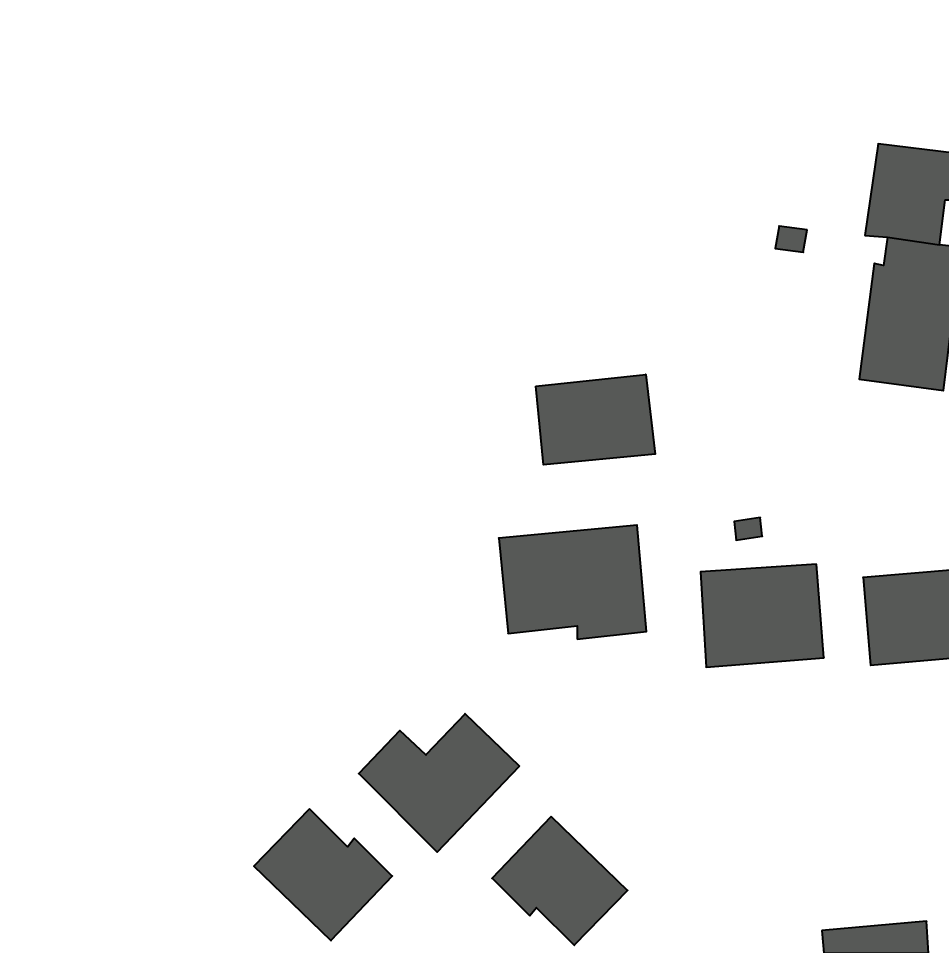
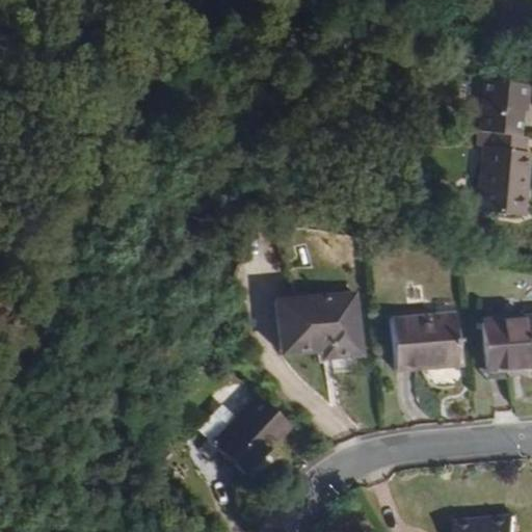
building: [536,374,655,465] -> none
building: [254,809,392,941] -> none
building: [492,817,628,945] -> none

